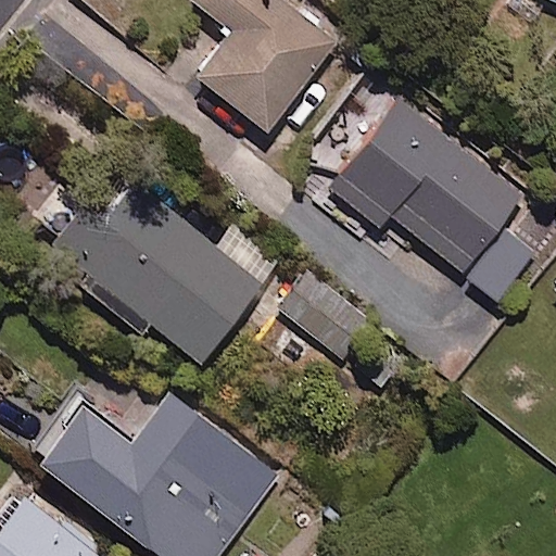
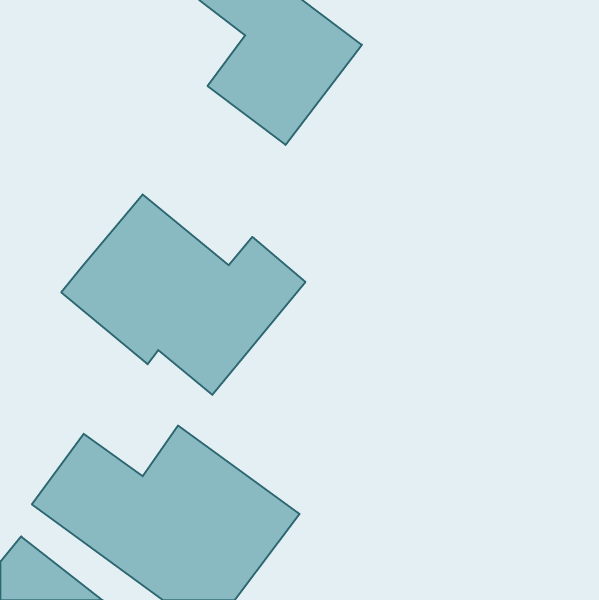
building: [329,98,538,300] -> none
building: [278,268,376,359] -> none

